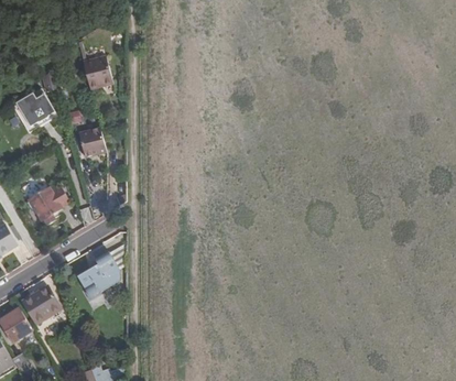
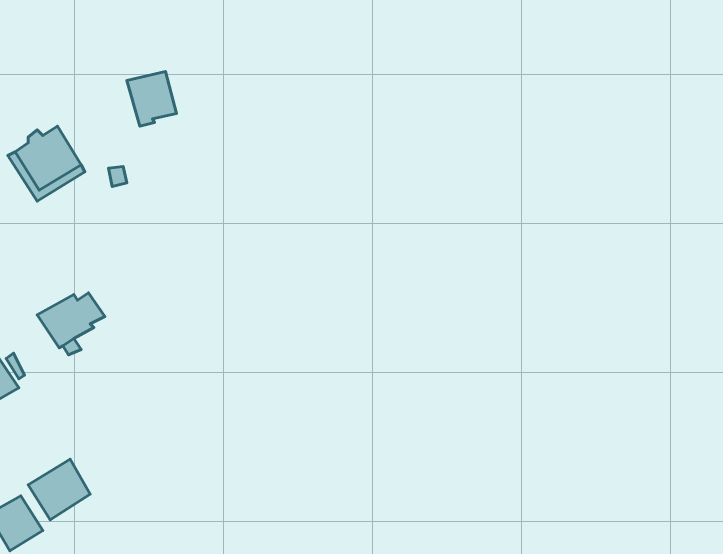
building: [77,127,105,156] -> none
building: [77,252,118,301] -> none

